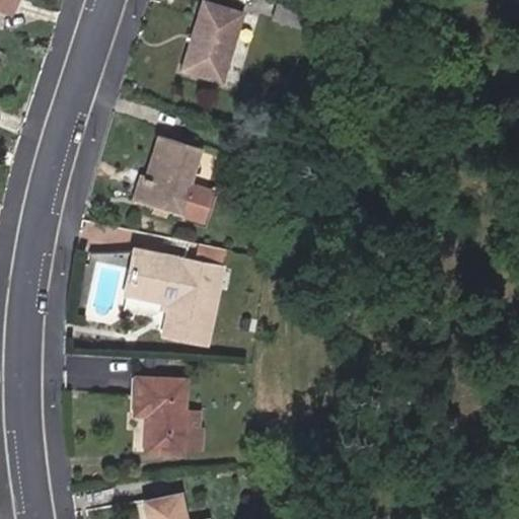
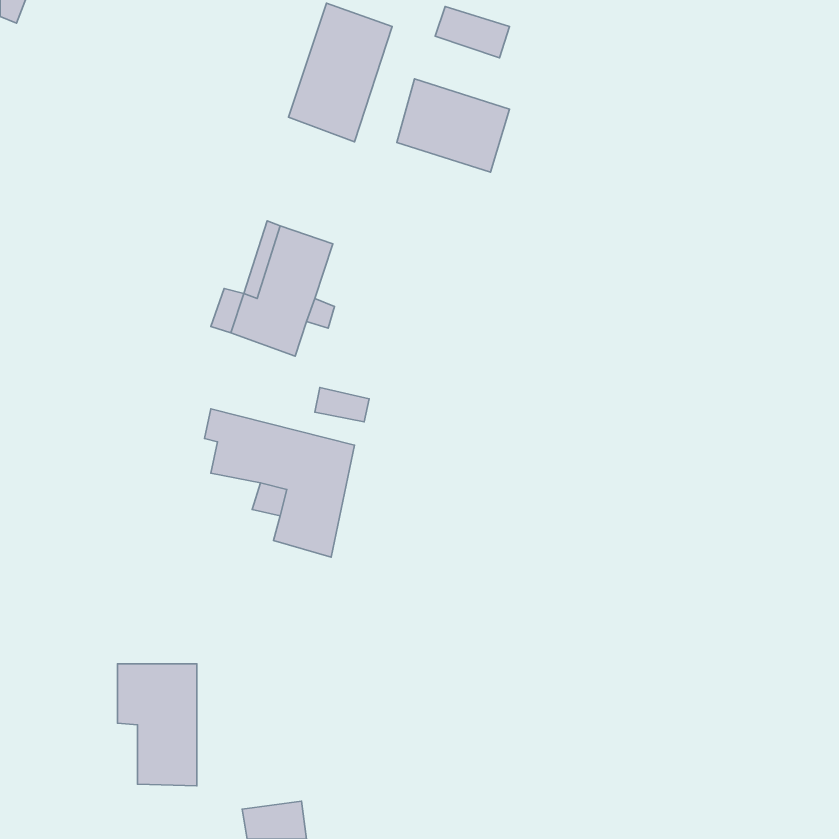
building: none -> [397,79,509,172]
building: [137,377,186,452] -> [118,664,197,786]

